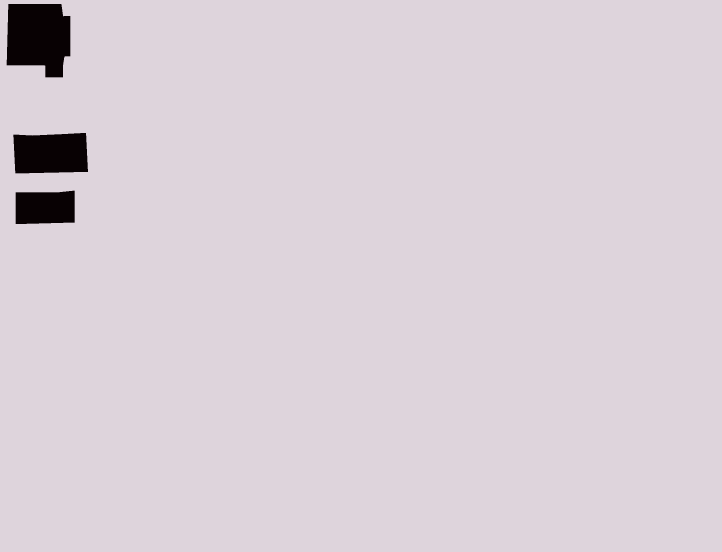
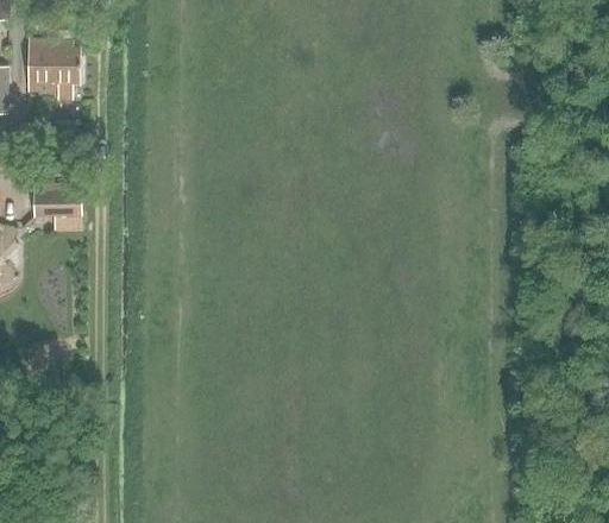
building: [13,132,89,174] -> none

